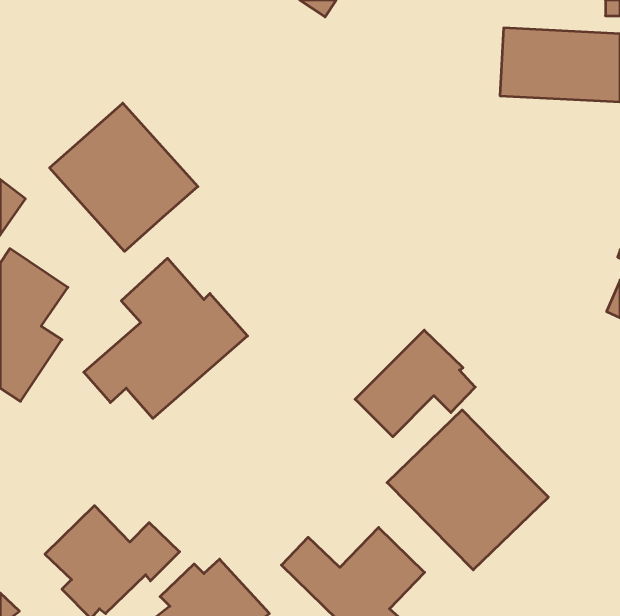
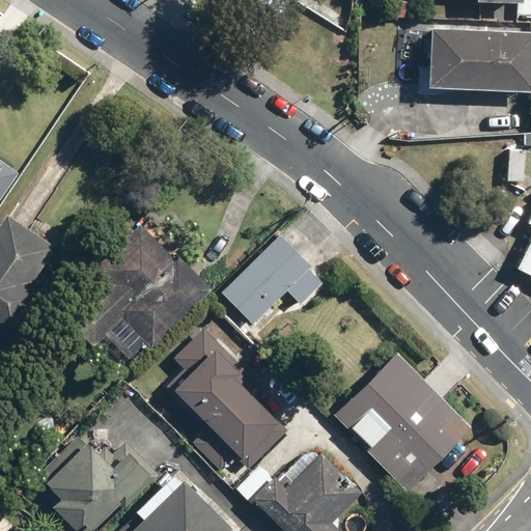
building: [50,103,198,251] -> none
building: [355,330,475,437] -> [221,235,324,327]
building: none -> [163,332,280,457]

